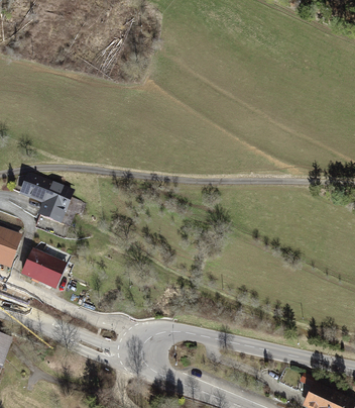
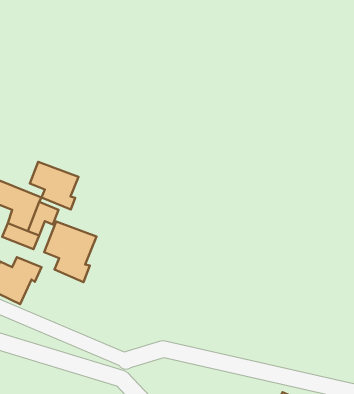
building: none -> [30,162,78,210]
building: none -> [44,221,96,282]

